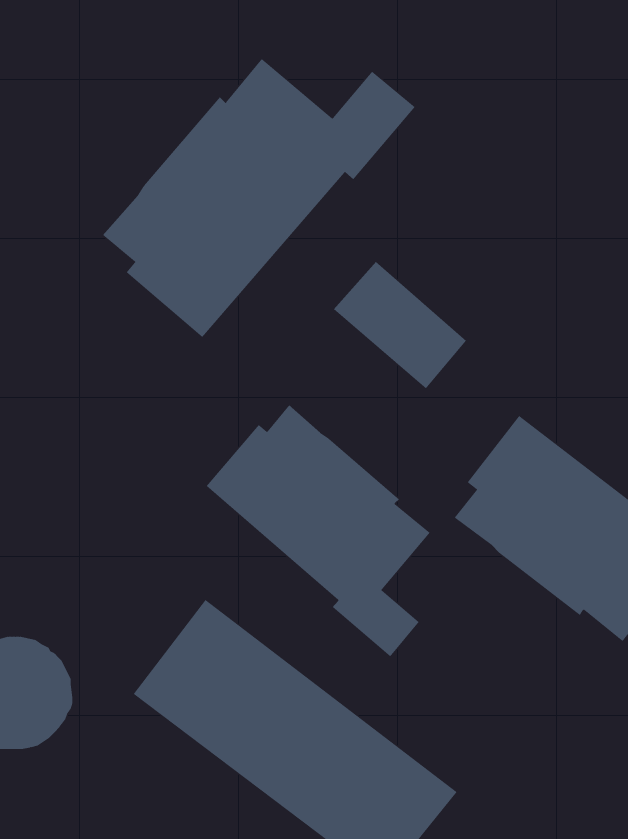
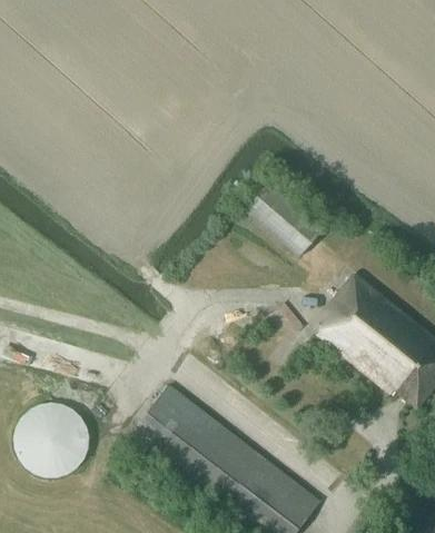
building: [102,58,416,338] -> none
building: [206,405,431,657] -> none

